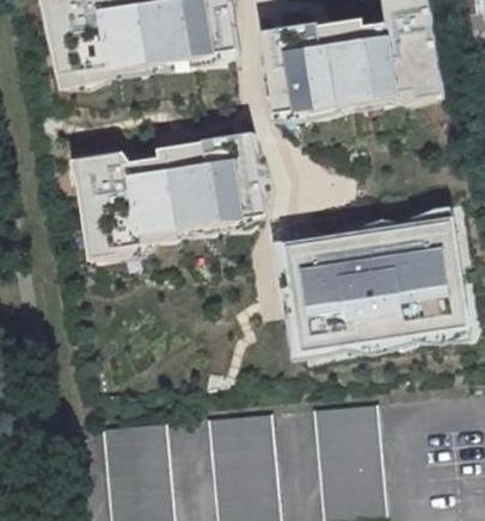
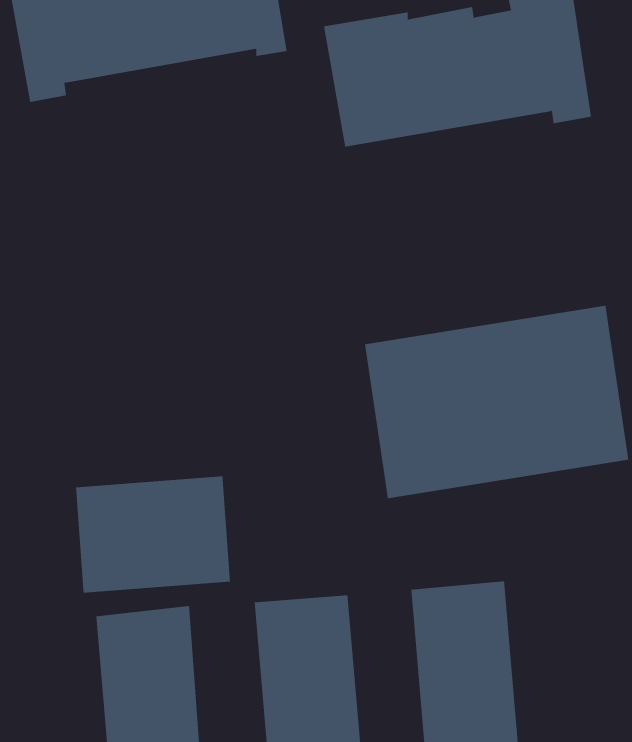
building: [76,134,264,259] -> none
building: none -> [76,475,231,594]

